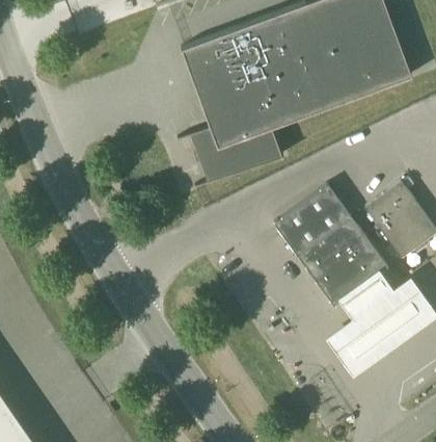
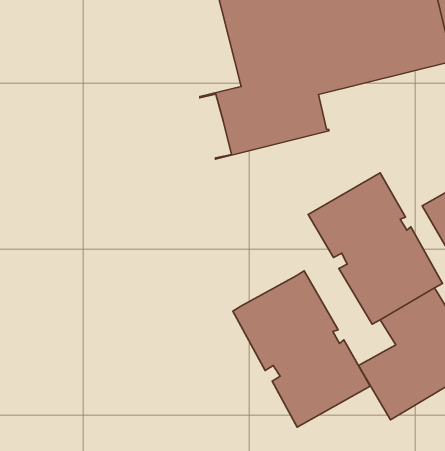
building: none -> [233,271,370,427]

